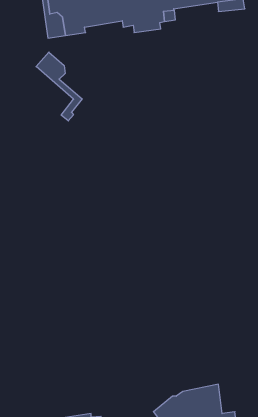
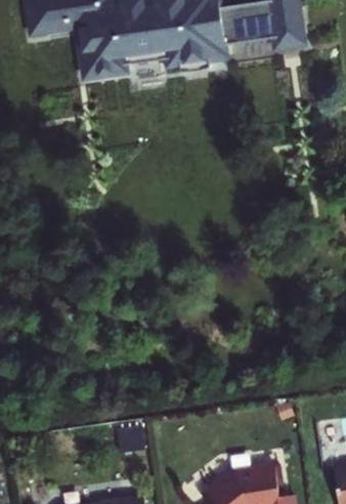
building: [36,52,82,121] -> none

